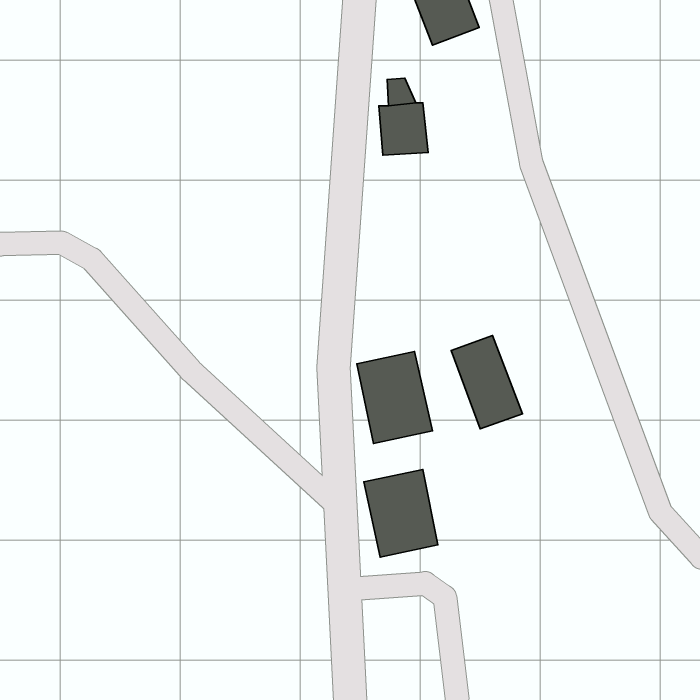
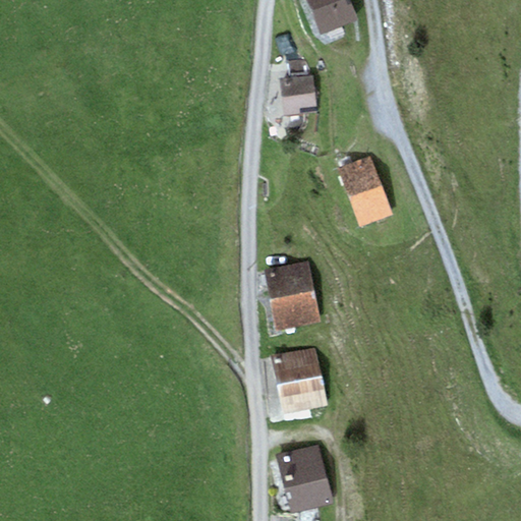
building: [451,335,523,429] -> [340,157,393,226]
building: none -> [277,446,331,512]

